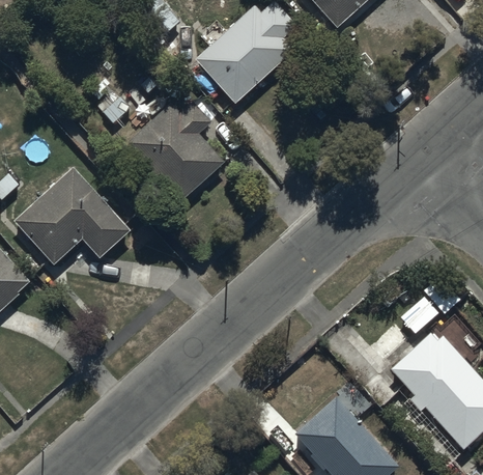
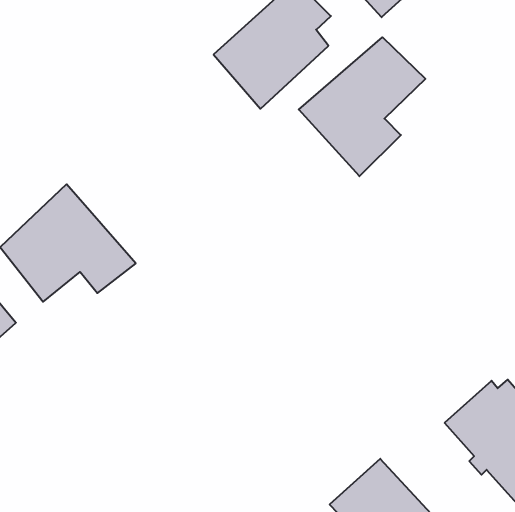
building: none -> [299,37,425,176]
building: [125,101,226,205] -> none

